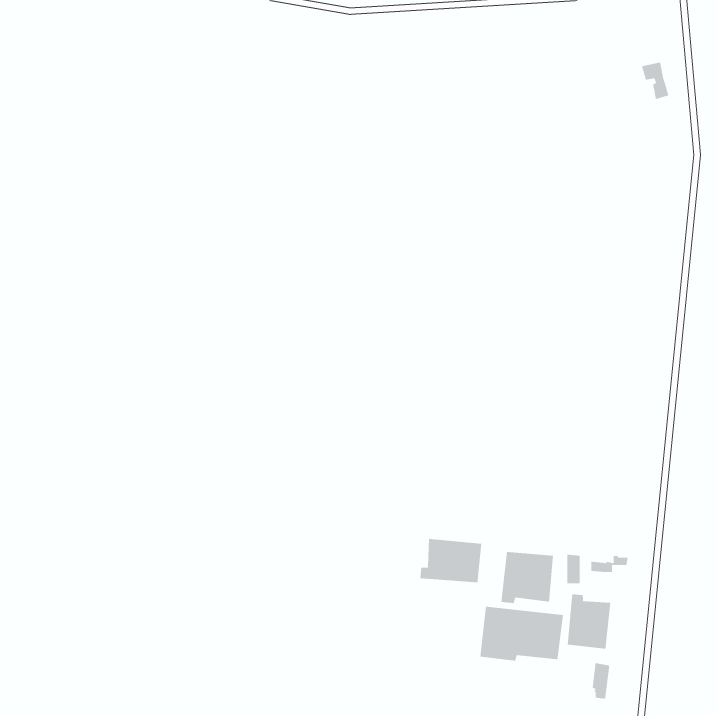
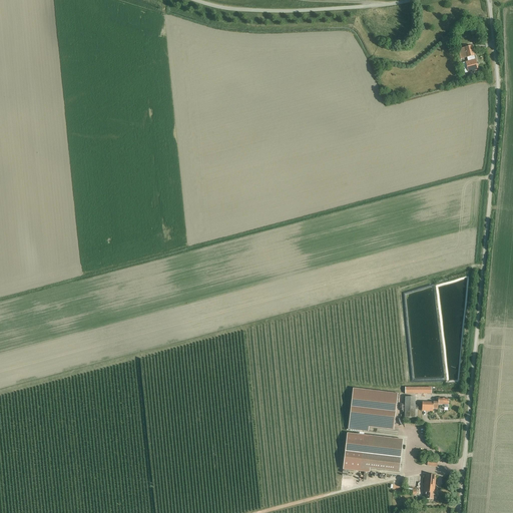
building: [420,538,482,583] -> none
building: [567,593,611,650] -> none

